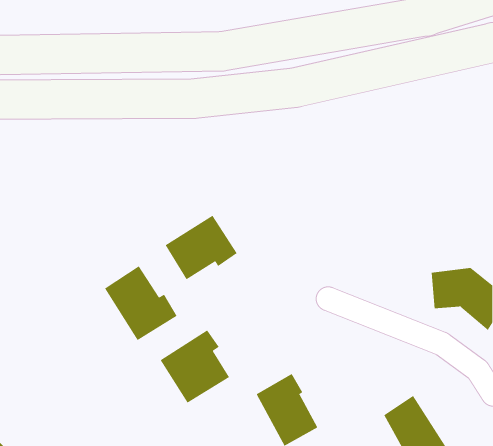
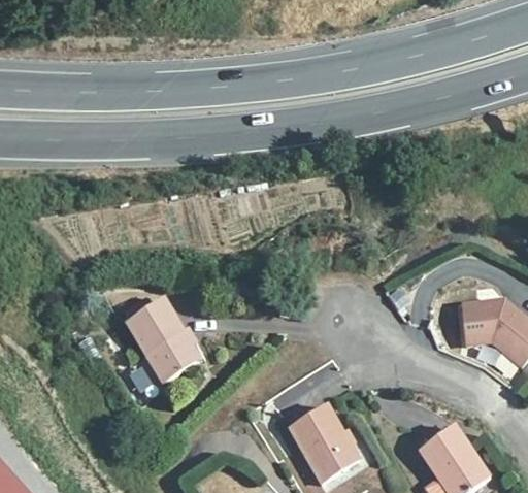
building: [165,215,238,280] -> none
building: [160,330,230,404] -> none

